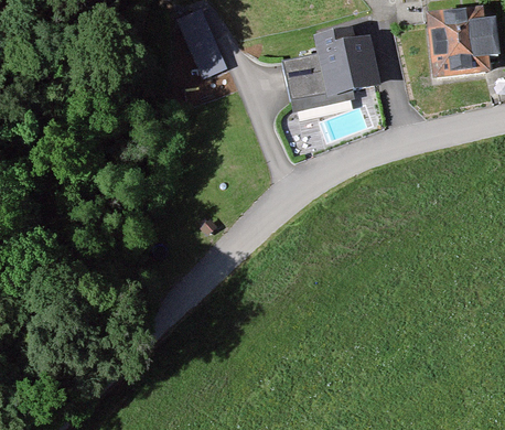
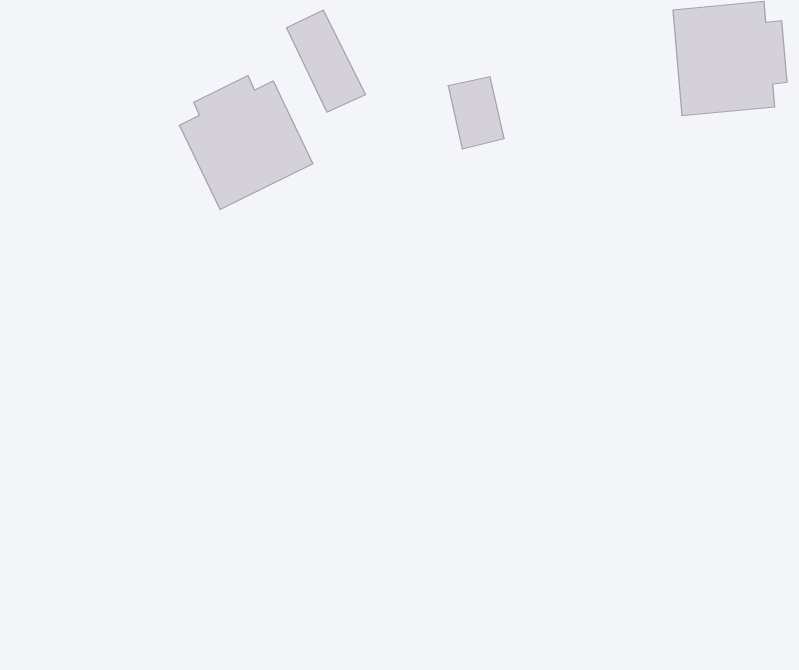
building: [313,25,379,96] -> none
building: none -> [180,75,313,210]

